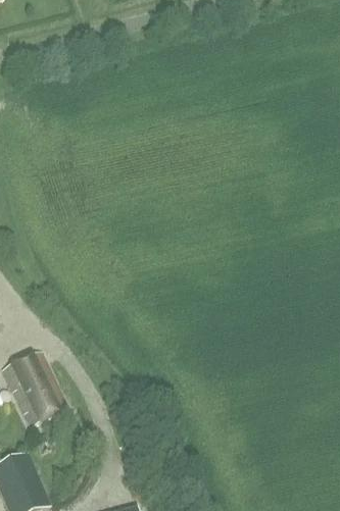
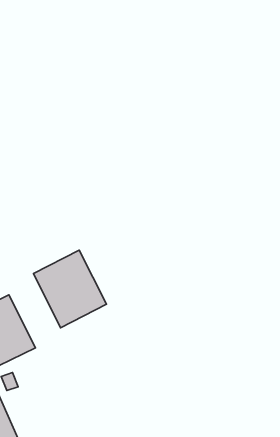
building: none -> [34,250,106,328]

